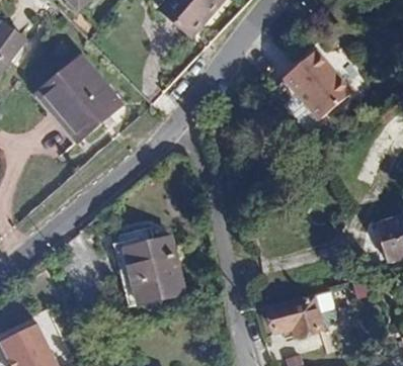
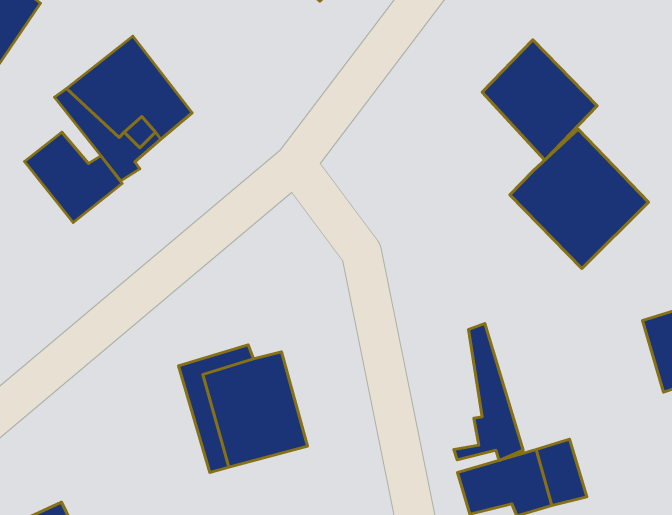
building: none -> [510,129,649,269]
building: none -> [25,132,122,223]
building: none -> [454,323,523,460]

